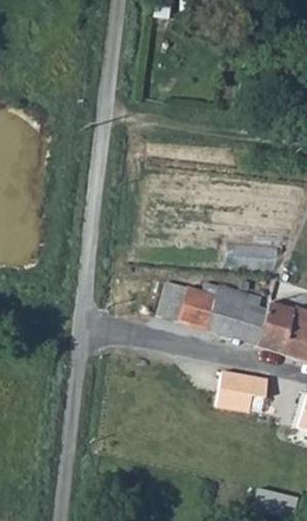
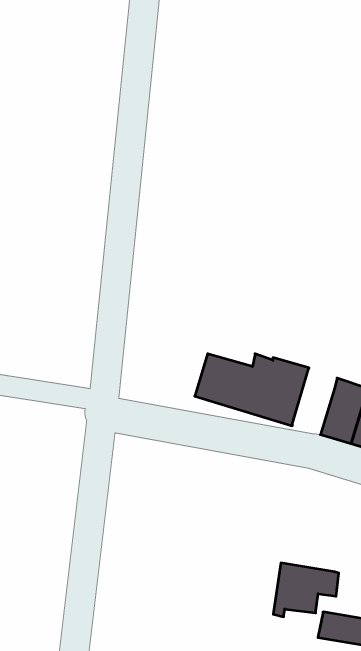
building: [236,293,269,346] -> none
building: [217,371,268,414] -> [273,563,339,617]

